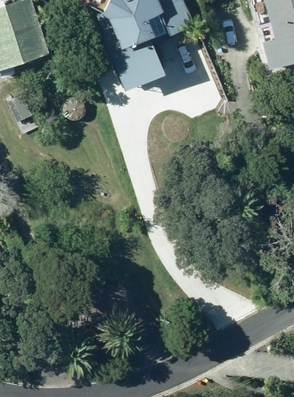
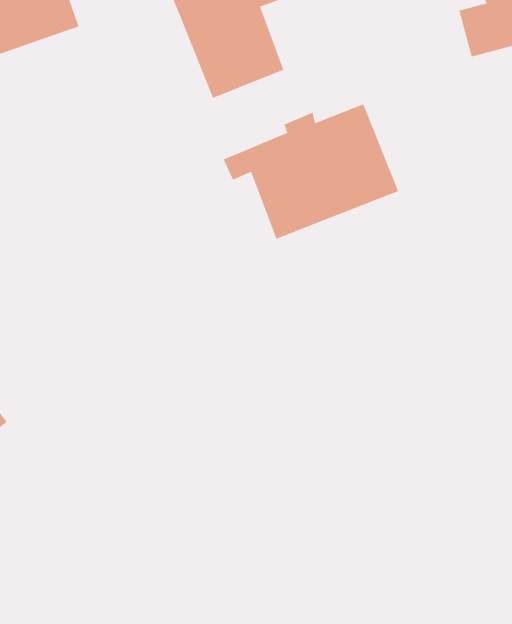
building: none -> [223,103,399,239]

